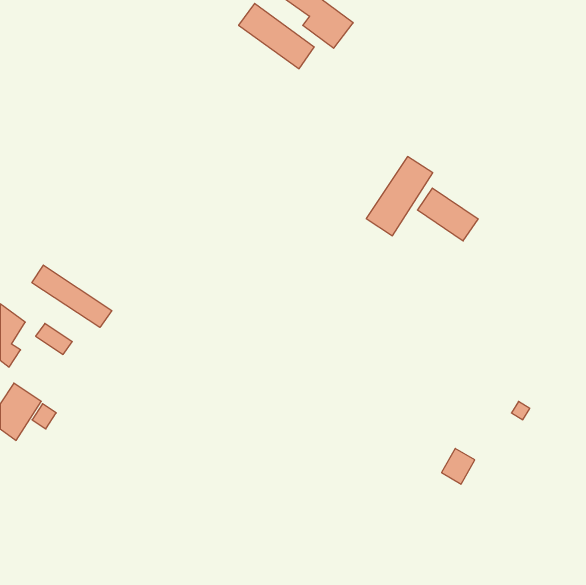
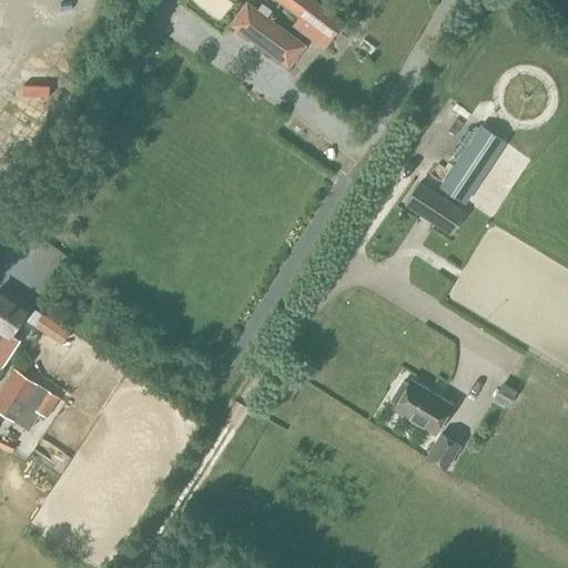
building: [366,157,433,236] -> [439,125,504,202]
building: [32,265,112,327] -> none
building: none -> [395,381,452,432]

